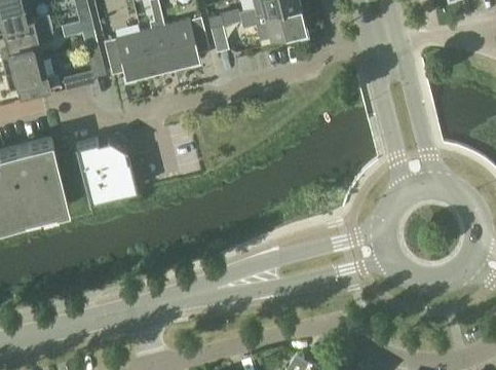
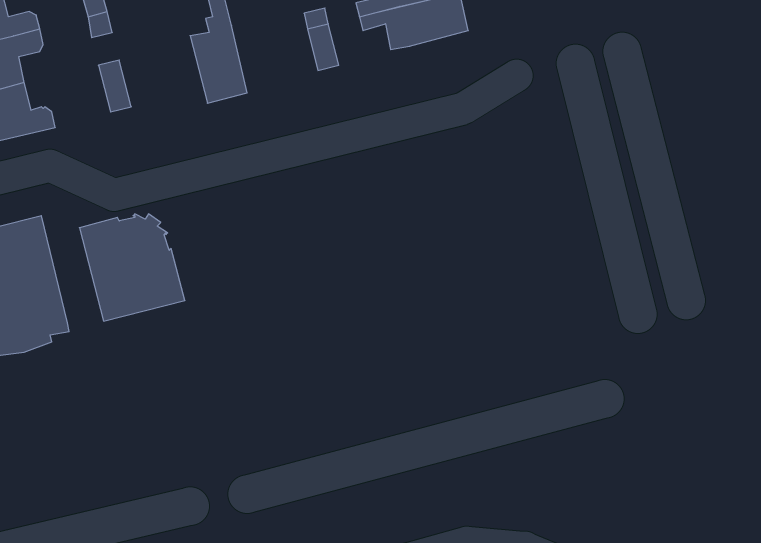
building: [165,17,209,67] -> none
building: [104,33,151,79] -> none

